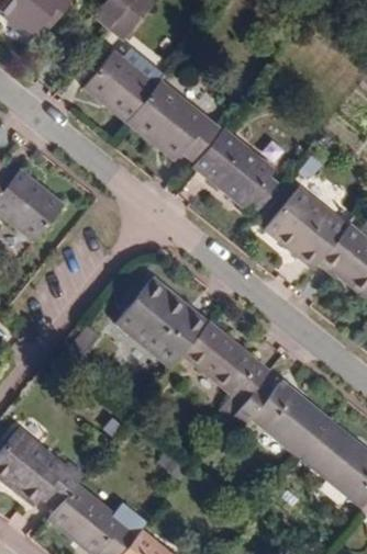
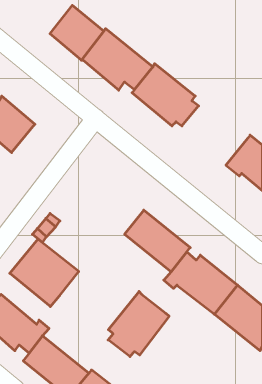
building: [262,186,344,267] -> none
building: [115,276,207,365] -> [10,239,79,307]
building: none -> [108,291,169,357]

